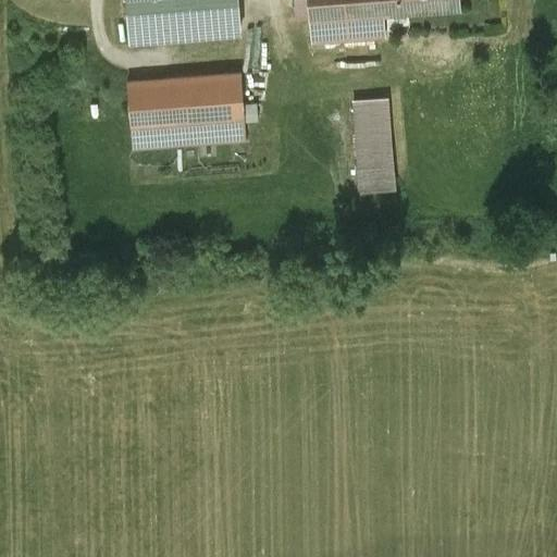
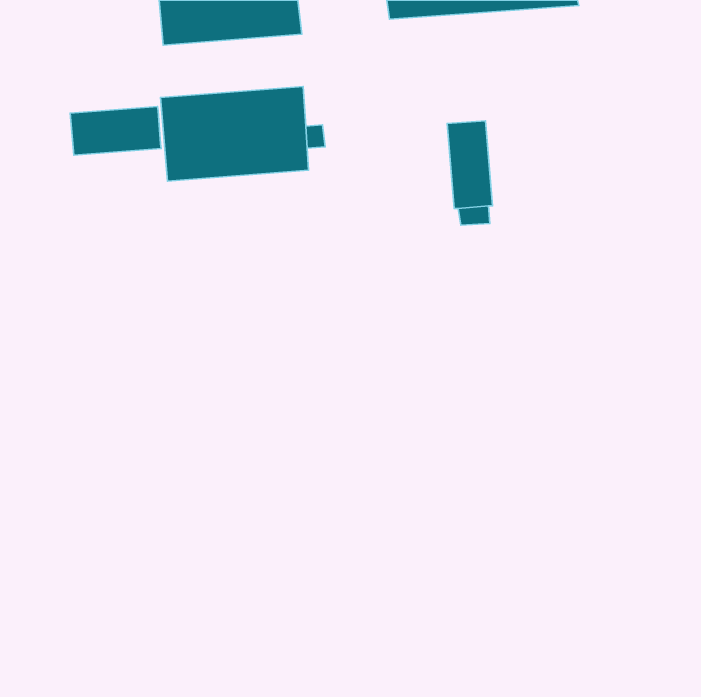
building: [309,13,384,42] -> none
building: none -> [70,107,161,155]

